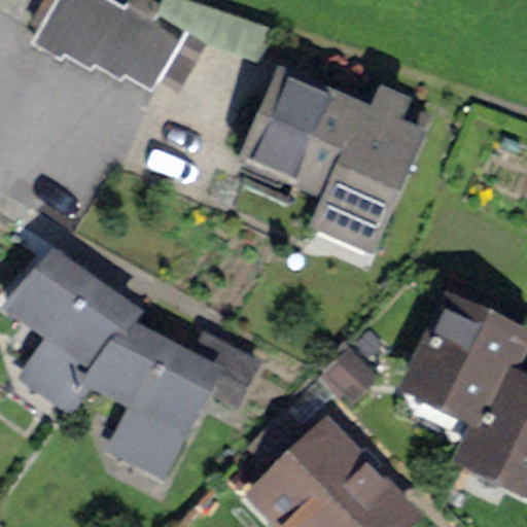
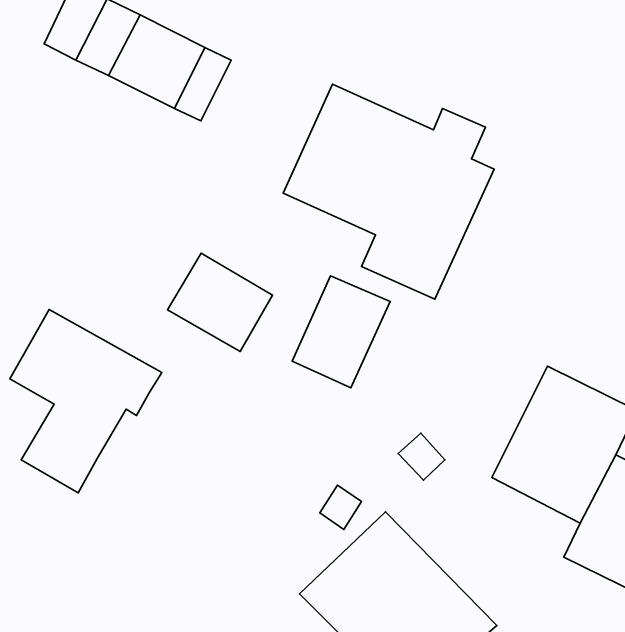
building: none -> [168,253,273,351]
building: none -> [292,276,390,388]
building: [87,322,248,469] -> none

